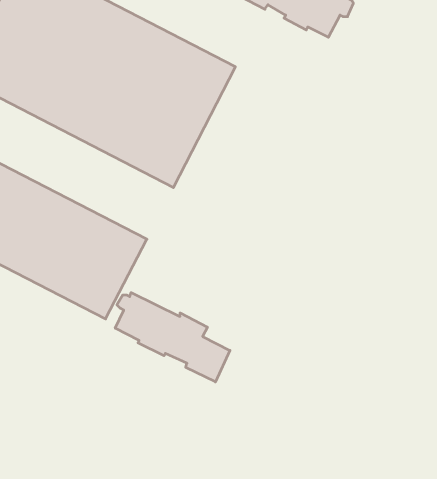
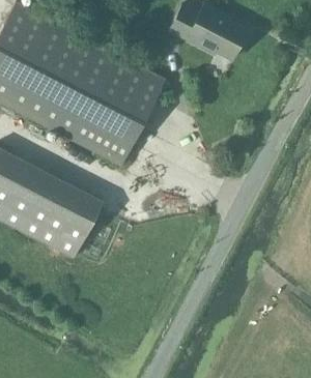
building: [115,293,230,382] -> none

